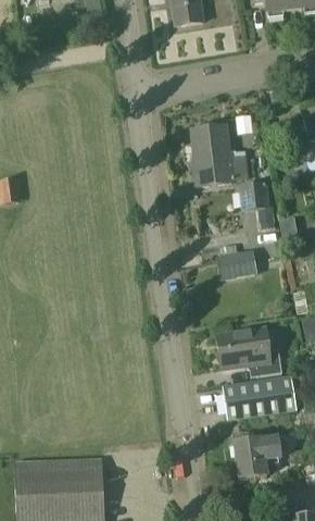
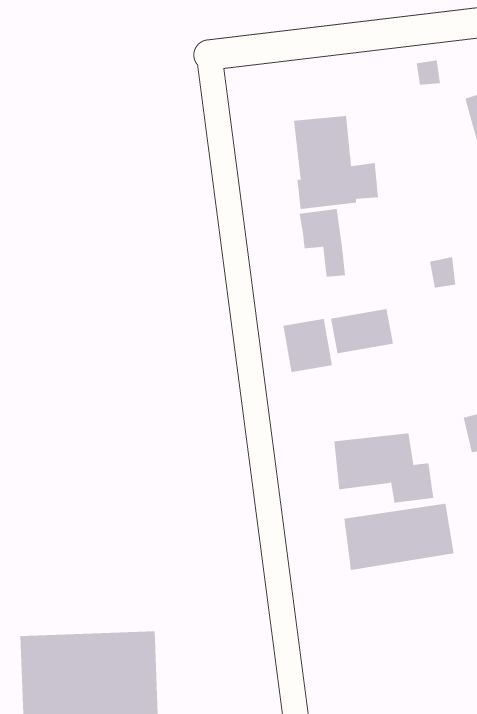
building: [240,182,270,226] -> [299,208,346,277]
building: none -> [283,318,333,373]
building: [234,435,280,477] -> none

